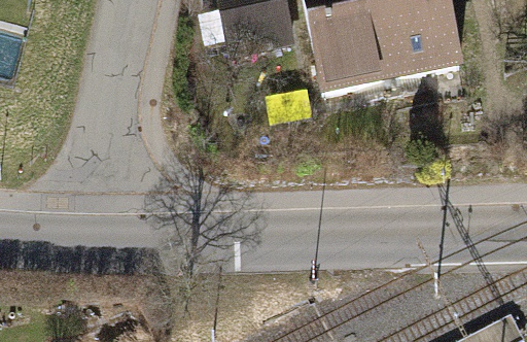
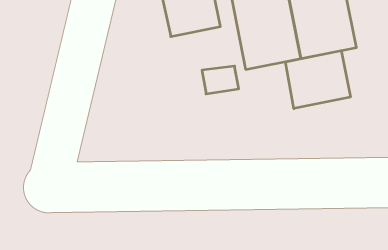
building: none -> [286,51,350,109]

